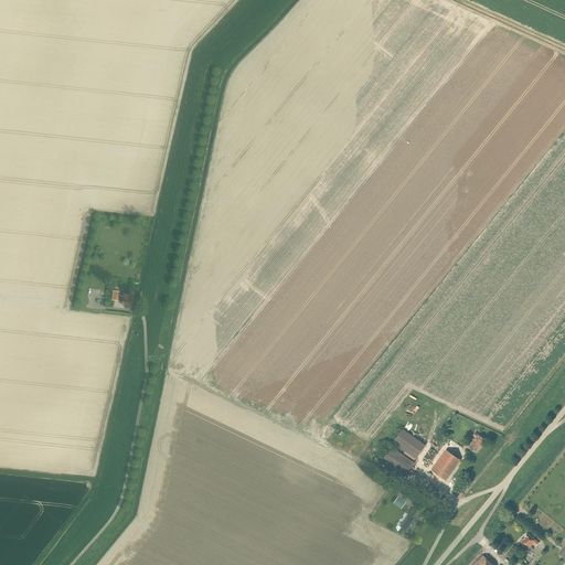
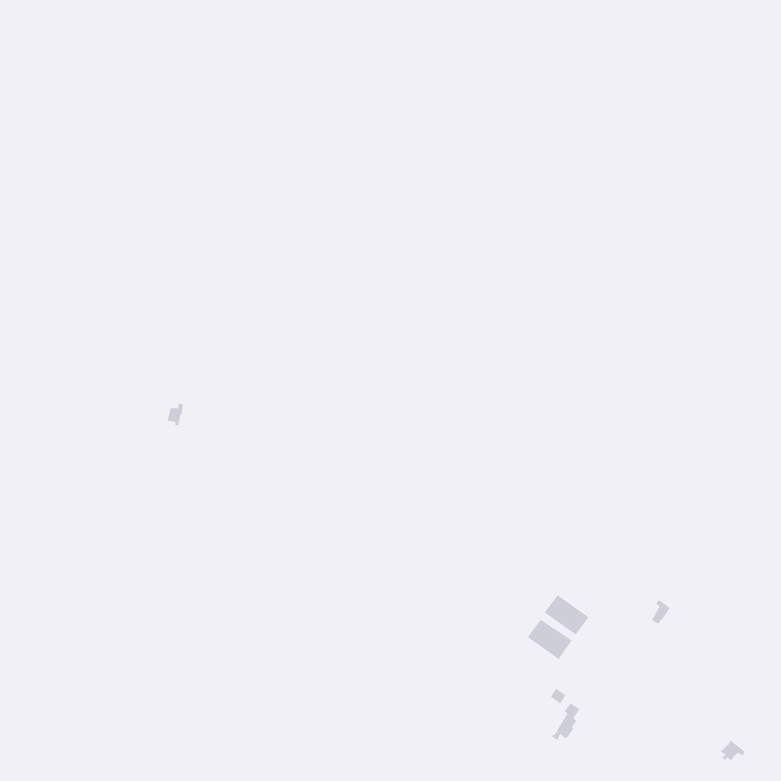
building: [430,449,459,480] -> none

